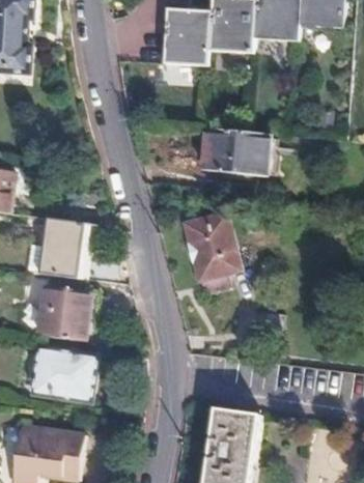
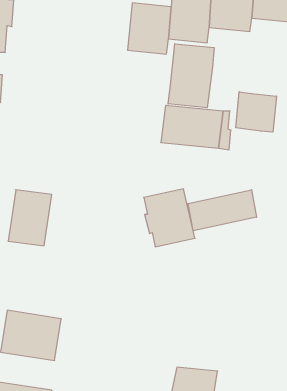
building: none -> [168,44,214,108]
building: none -> [236,92,276,132]
building: none -> [188,190,257,231]
building: [31,284,86,341] -> none

